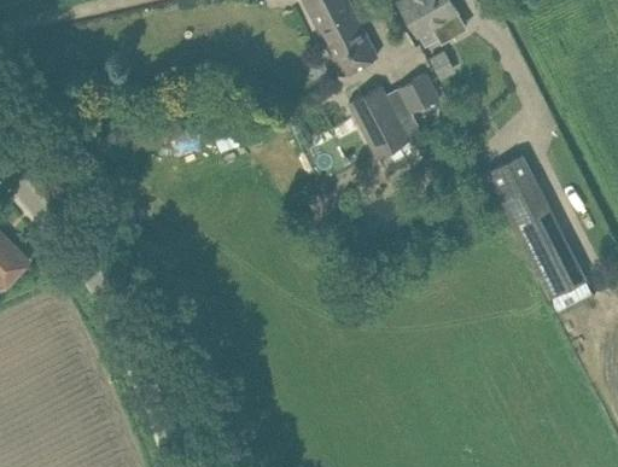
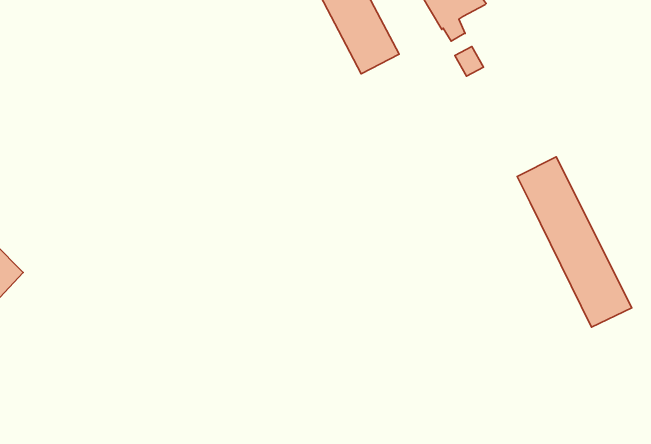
building: [397,72,441,112] -> none
building: [348,86,409,156] -> none

